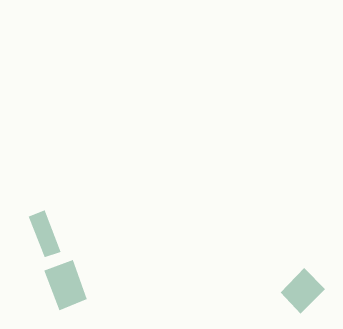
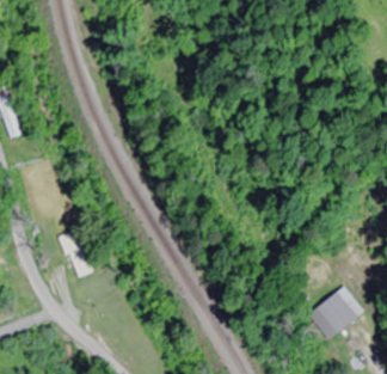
building: [44,259,88,311] -> none

